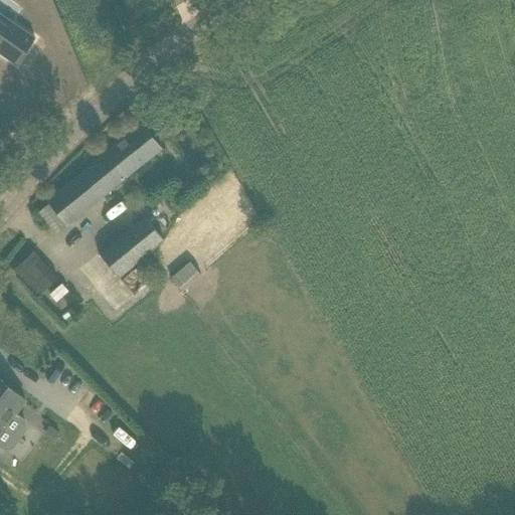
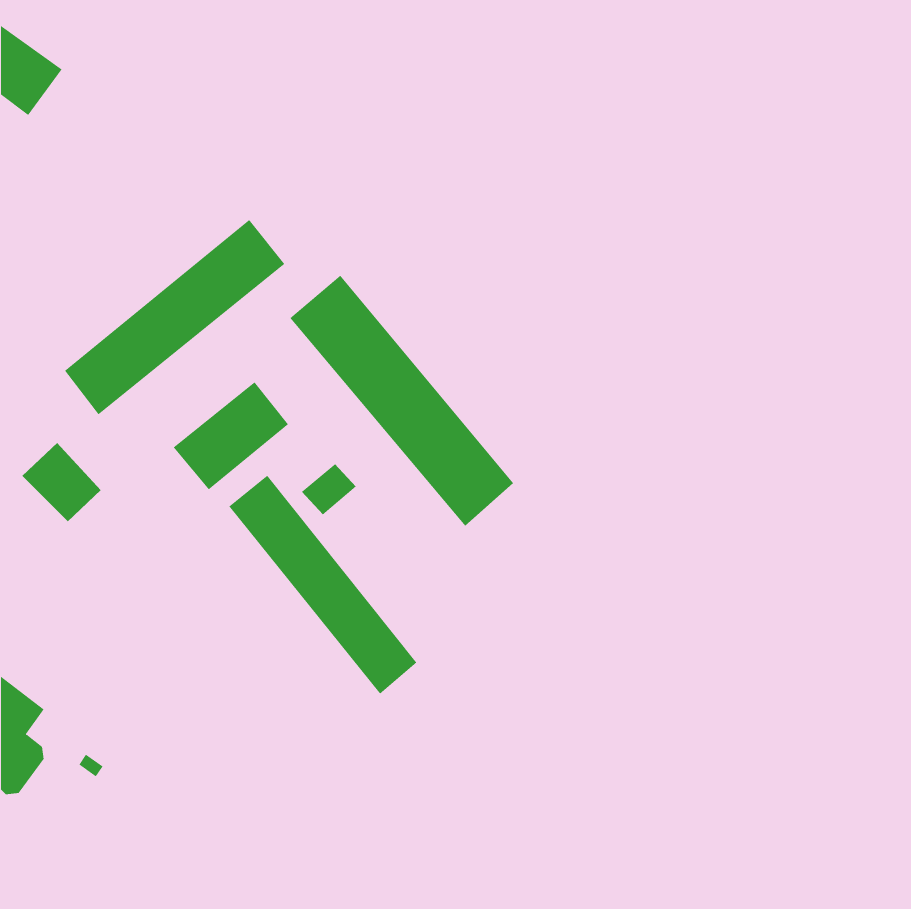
building: none -> [289,275,514,527]
building: none -> [229,475,417,695]

